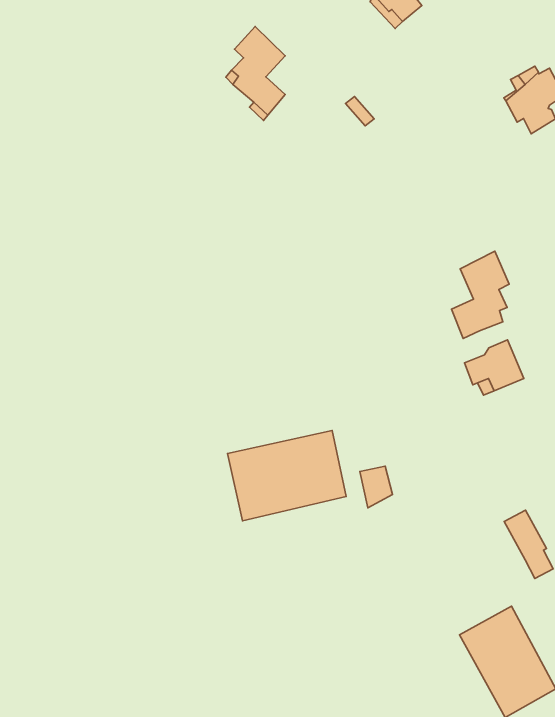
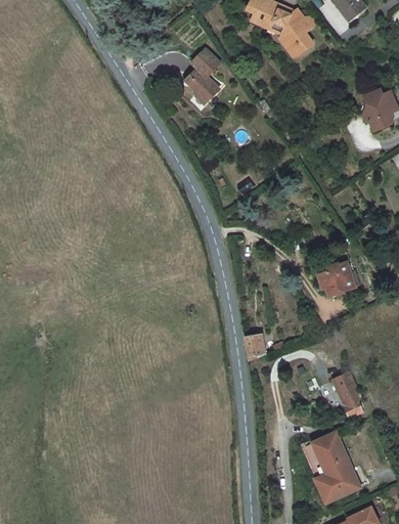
building: [452,251,509,339] -> none
building: [228,431,346,521] -> none

